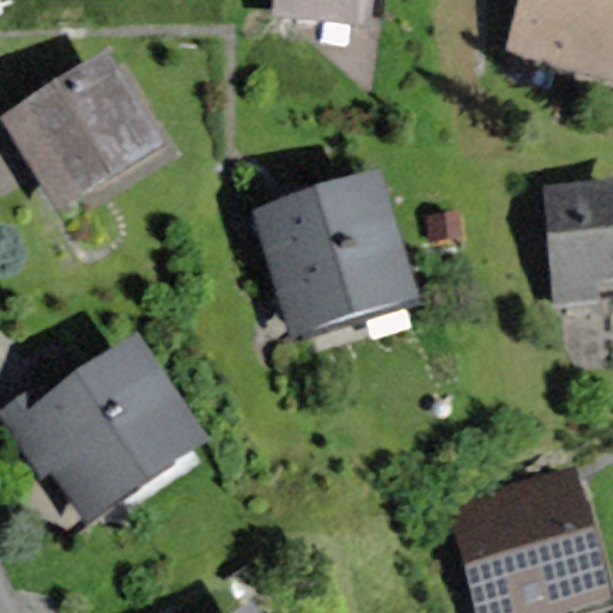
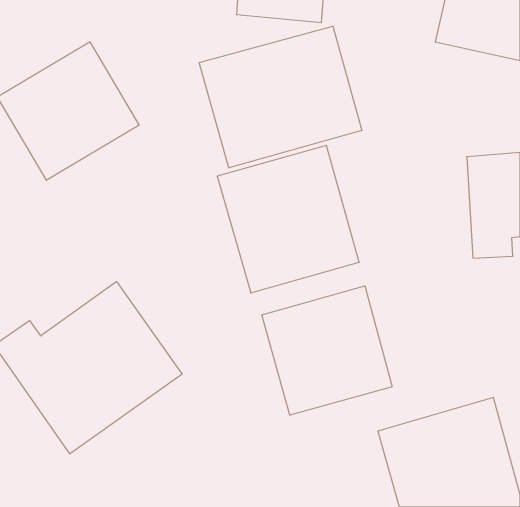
building: none -> [199,26,362,168]
building: none -> [262,286,392,415]

